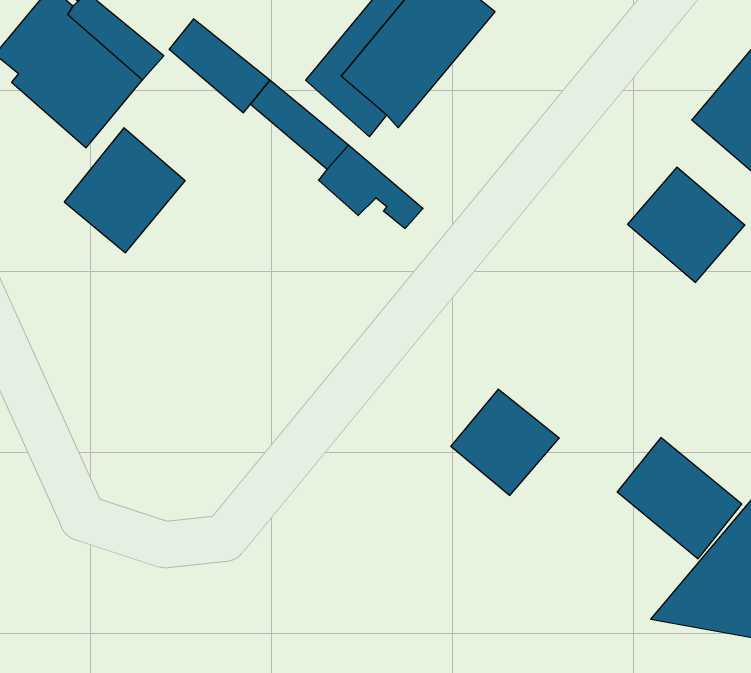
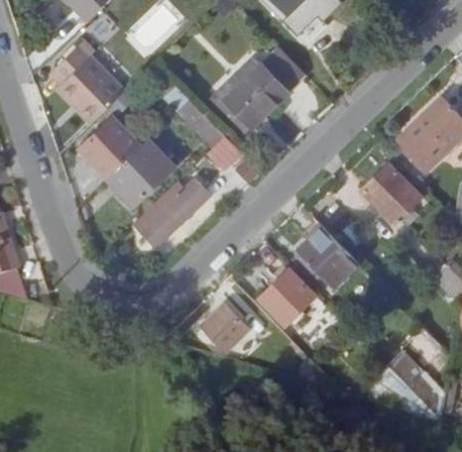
building: none -> [105,137,172,205]
building: none -> [138,180,213,246]
building: [617,438,742,559] -> [300,227,362,291]
building: none -> [201,300,247,347]

